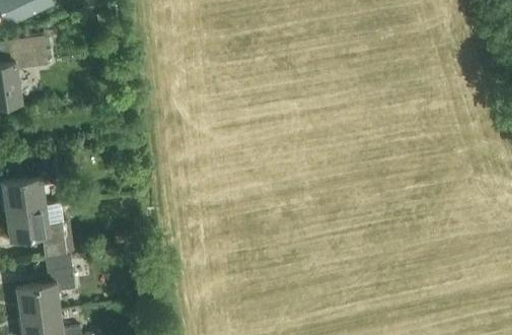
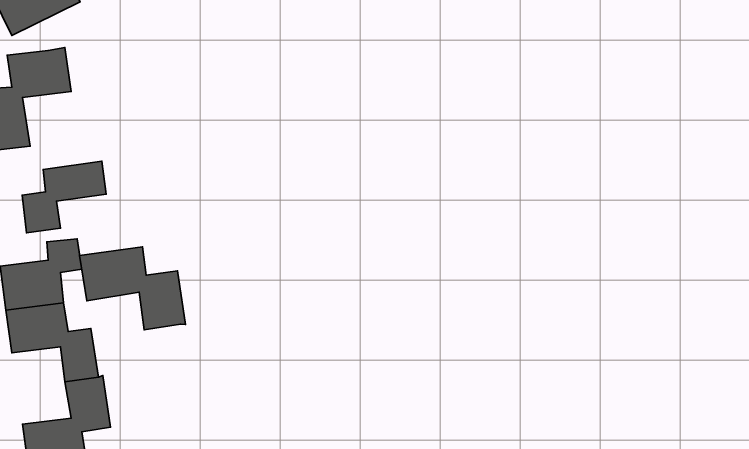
building: none -> [22,161,106,233]
building: none -> [80,247,186,330]

